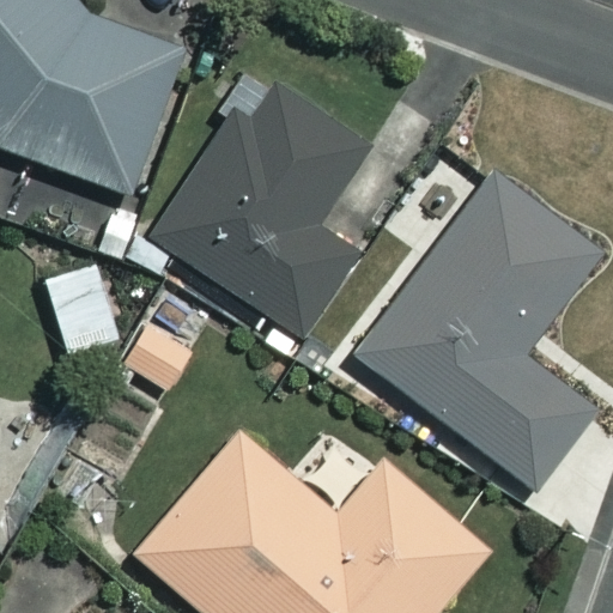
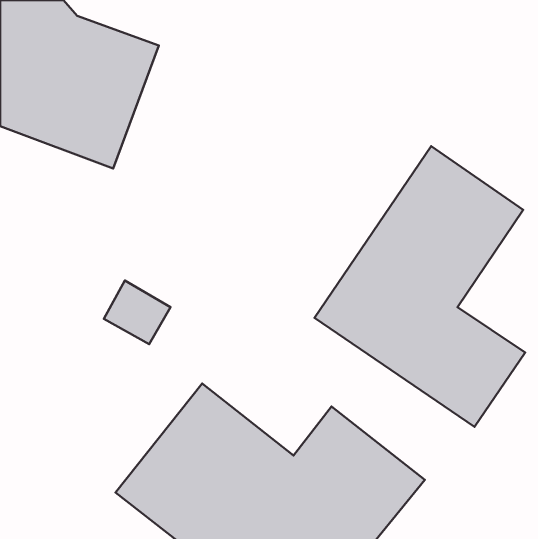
building: [154,85,365,333] -> none

